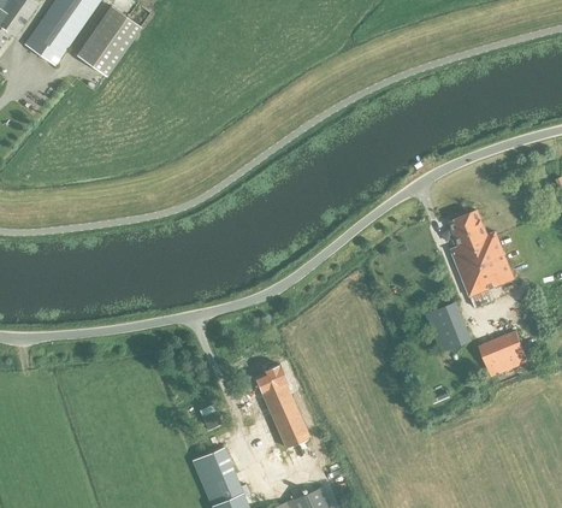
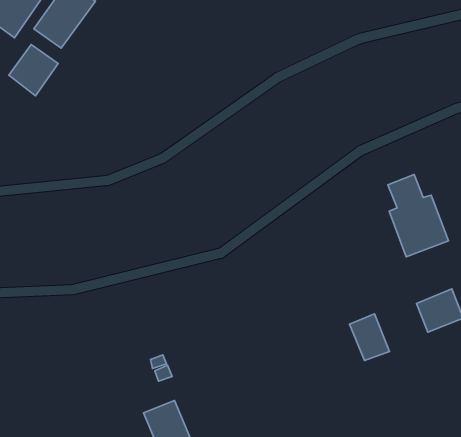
building: none -> [9,44,58,96]
building: [426,302,468,352] -> [350,314,389,361]
building: [254,364,309,447] -> none

